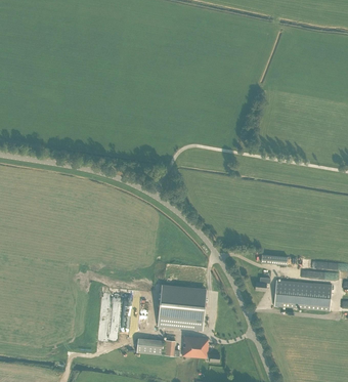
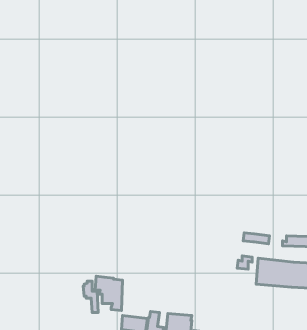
building: [157,284,205,330] -> none

